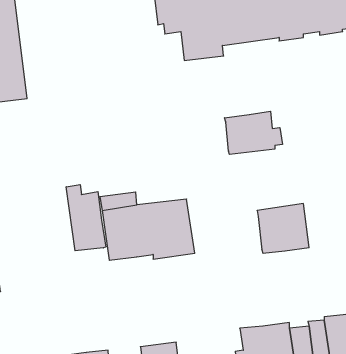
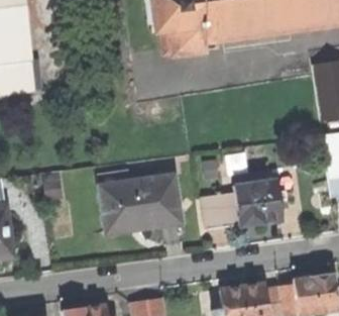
building: [225,111,282,154] -> none
building: [66,185,106,251] -> none
building: none -> [207,191,240,224]

